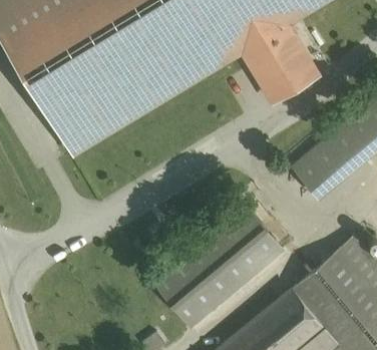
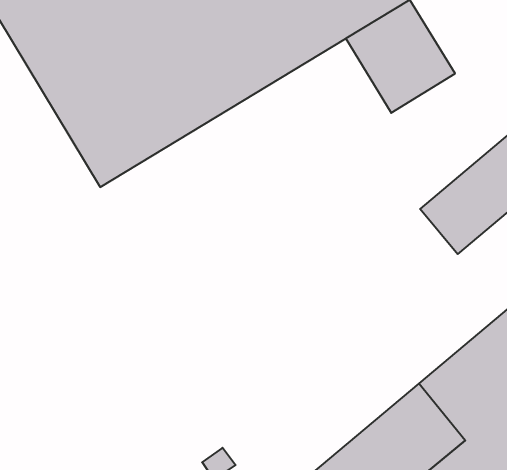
building: [153,207,282,327] -> none

